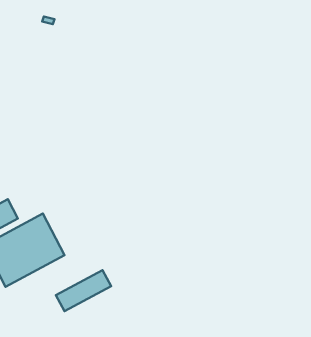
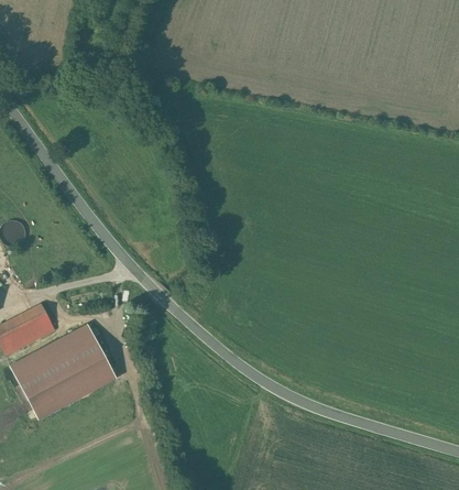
building: [56,270,111,311] -> none

